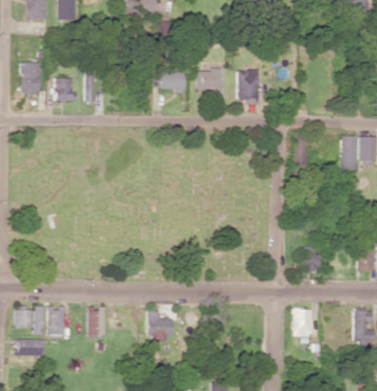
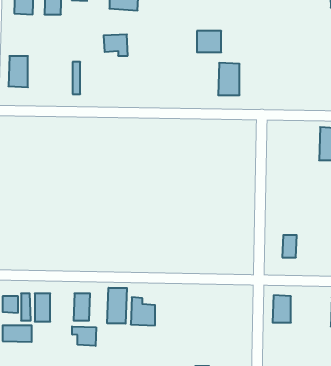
building: [196,70,221,92] -> [197,31,221,52]
building: [161,72,186,94] -> [104,34,128,56]
building: [56,78,75,102] -> none
building: none -> [107,288,127,324]
building: none -> [72,326,96,346]

